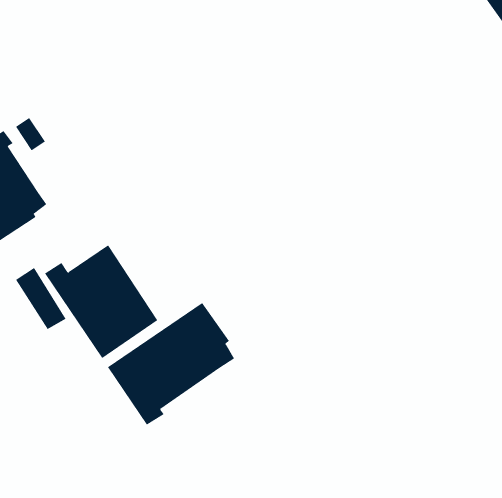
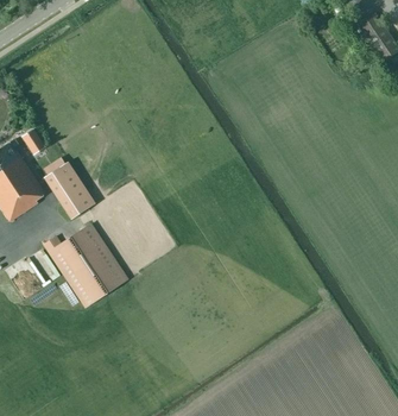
building: none -> [42,158,95,220]
building: [107,302,235,426] -> none

